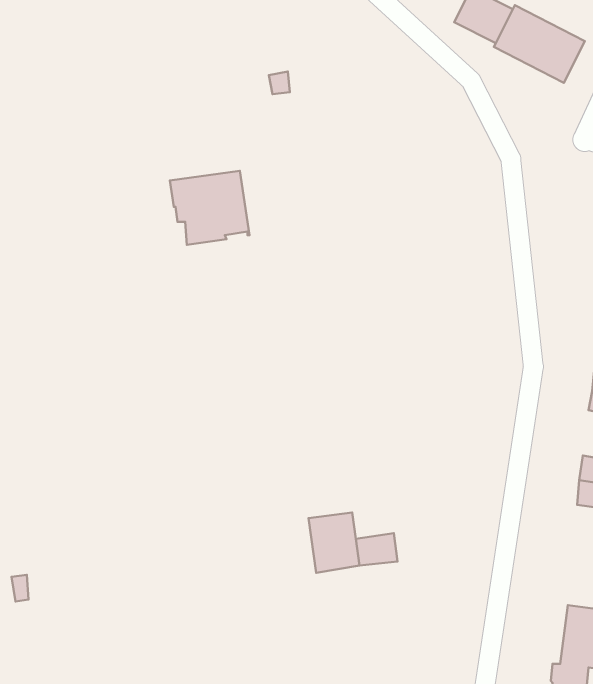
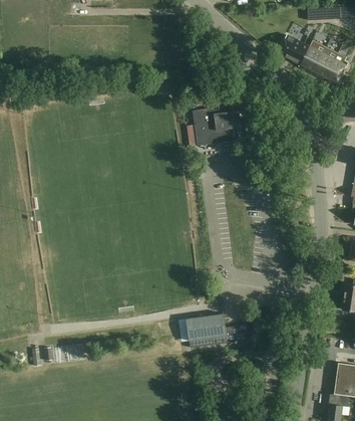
building: [170,171,249,245] -> [193,106,235,145]
building: none -> [187,317,205,348]

